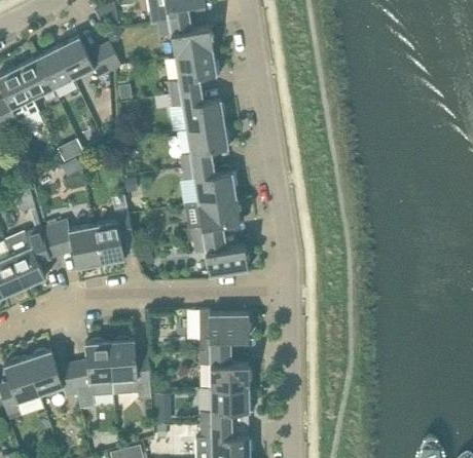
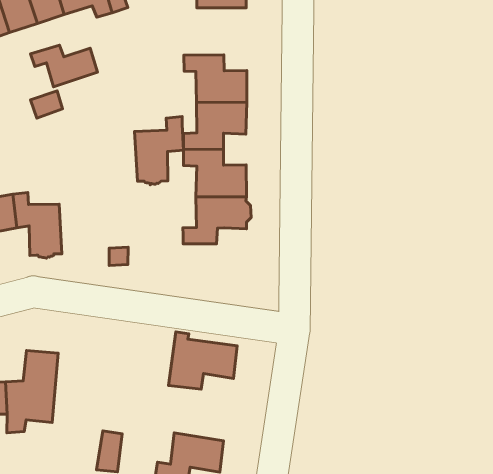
building: [169,51,217,96] -> none
building: none -> [30,45,97,87]
building: [93,208,133,265] -> [135,117,184,185]
building: [193,236,248,277] -> none
building: [110,340,151,399] -> none
building: [199,351,249,388] -> none

